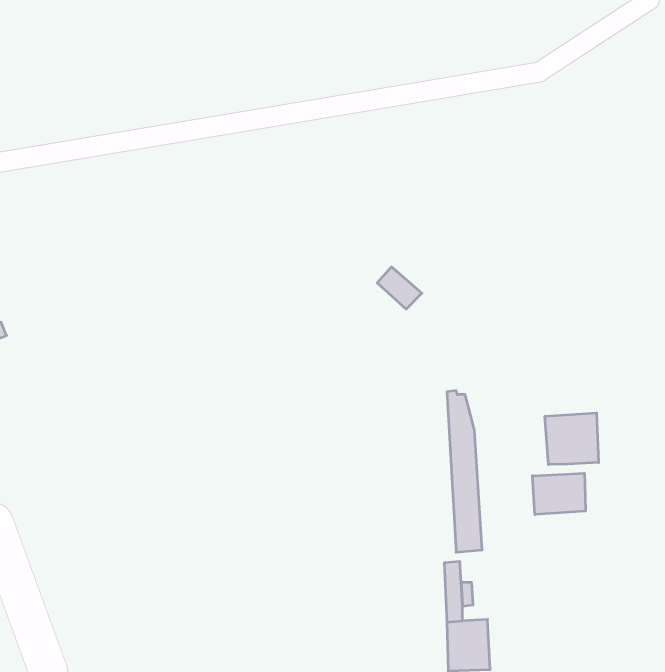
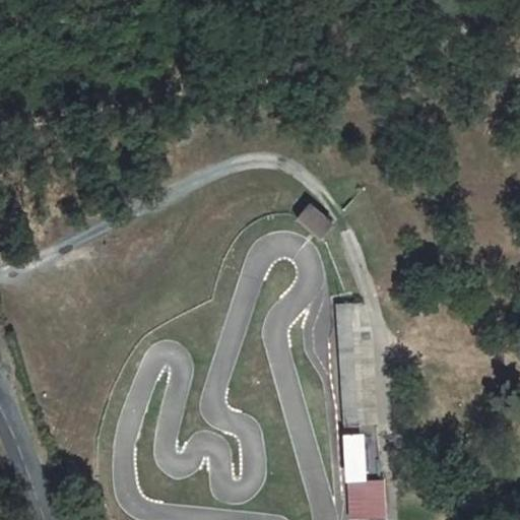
building: [545,413,599,465] -> none
building: [532,473,585,515] -> none

